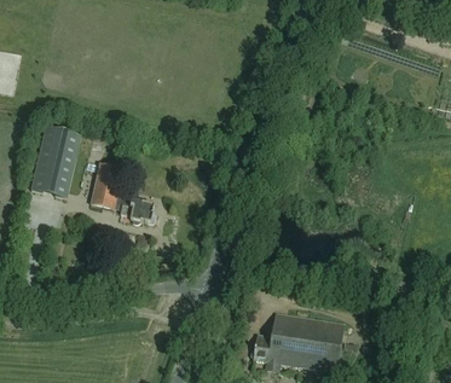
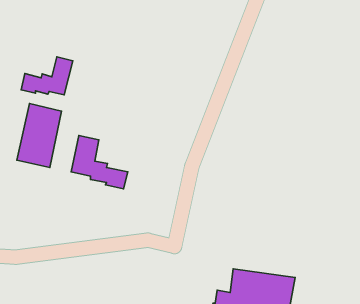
building: none -> [21,57,73,95]

